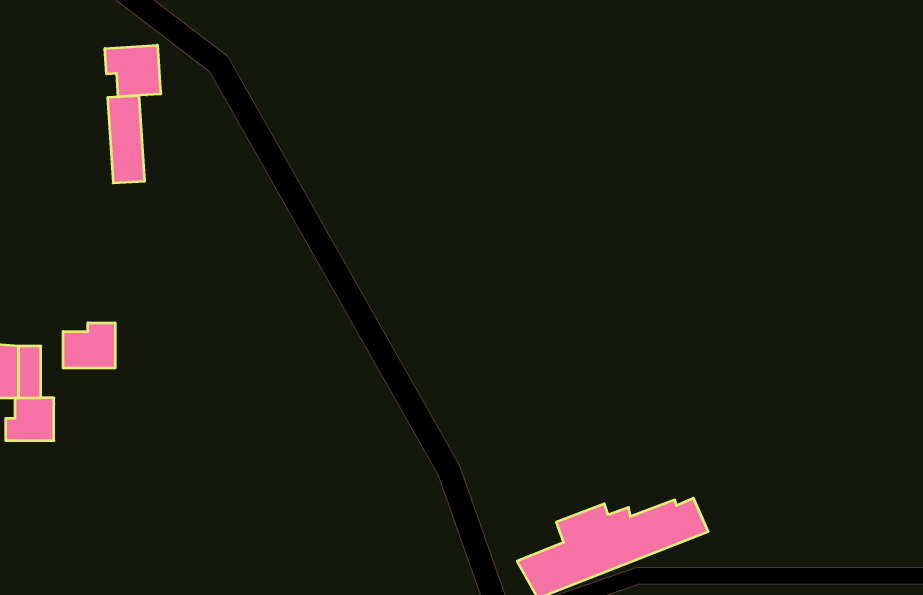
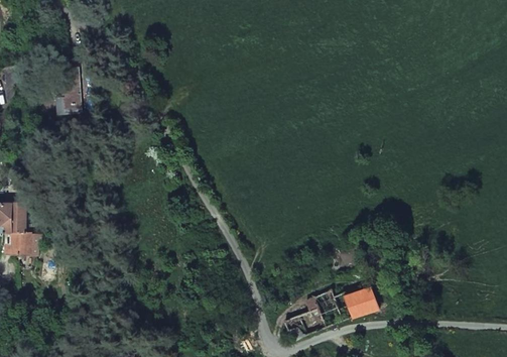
building: [105,45,161,97] -> none
building: [63,323,115,368] -> none

